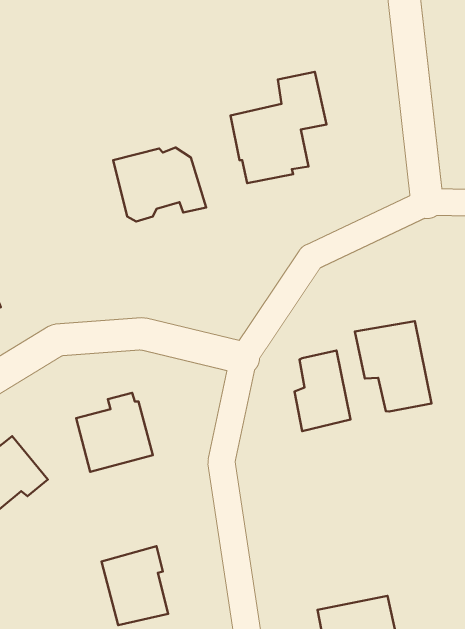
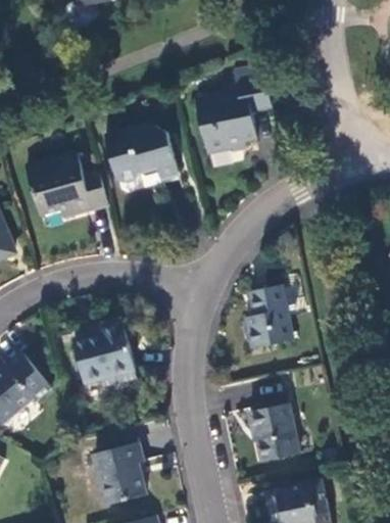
building: none -> [23,152,105,215]
building: [355,321,432,412] -> none
building: none -> [249,403,298,461]

